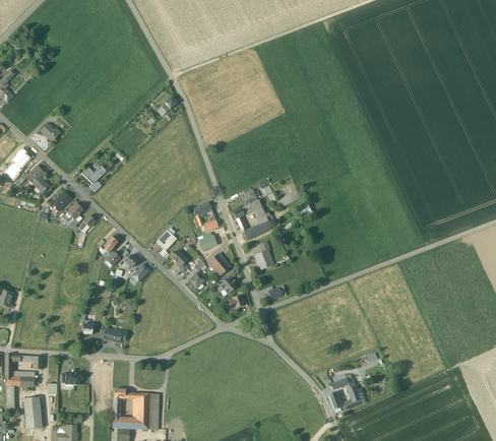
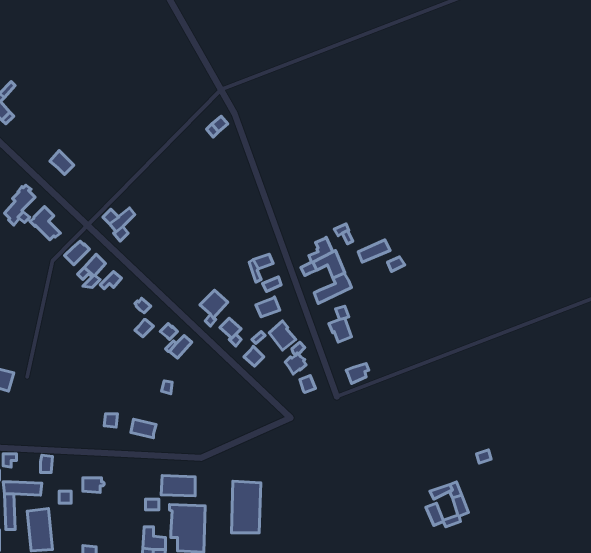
building: none -> [161,476,195,496]
building: none -> [231,481,261,533]

